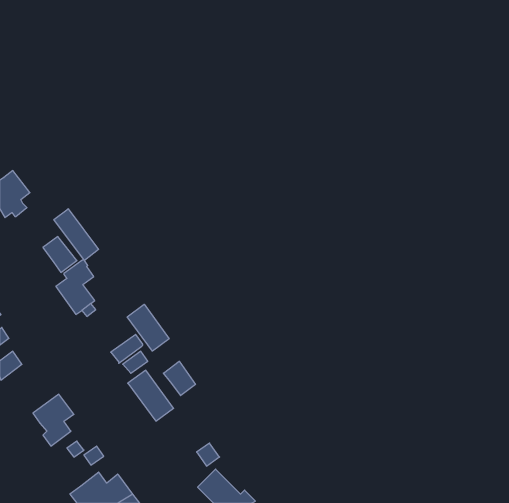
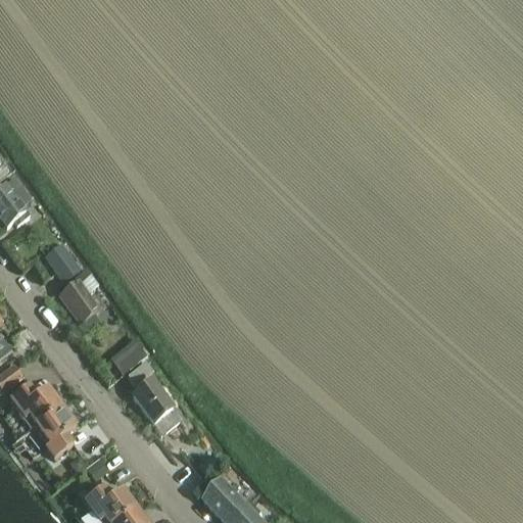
building: [54,209,99,260] -> none
building: [127,304,169,351] -> none
building: [163,361,195,396] -> none
building: none -> [9,383,60,423]

